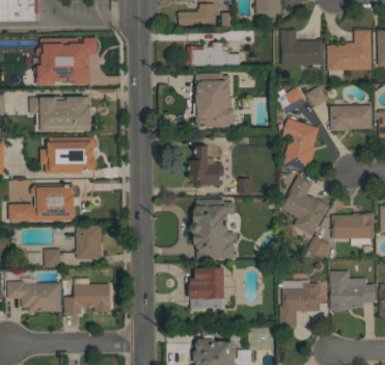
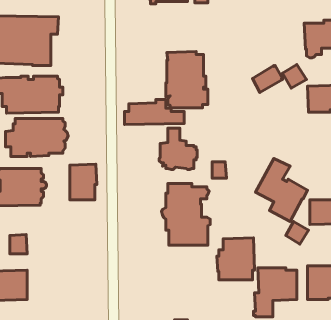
building: [280,29,323,69] -> none
building: [184,43,241,67] -> [125,100,184,124]
building: [281,120,319,173] -> none
building: [77,225,103,259] -> [70,164,97,200]
building: [189,267,225,308] -> [217,238,255,280]
building: [64,279,111,314] -> none

